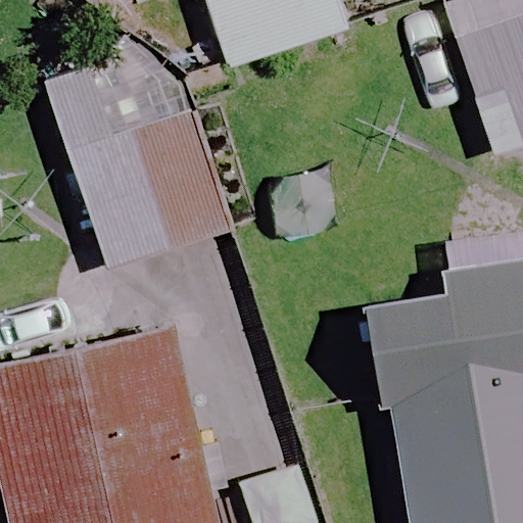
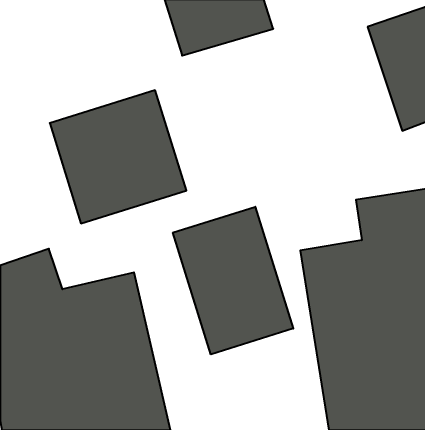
building: none -> [173,207,293,354]

